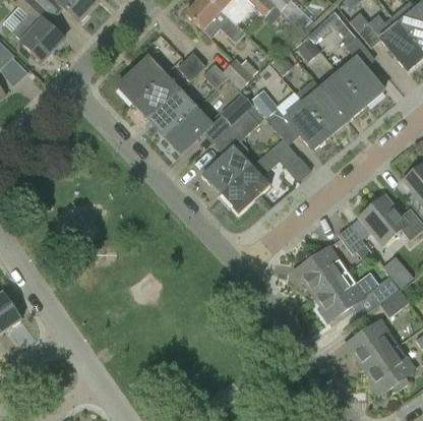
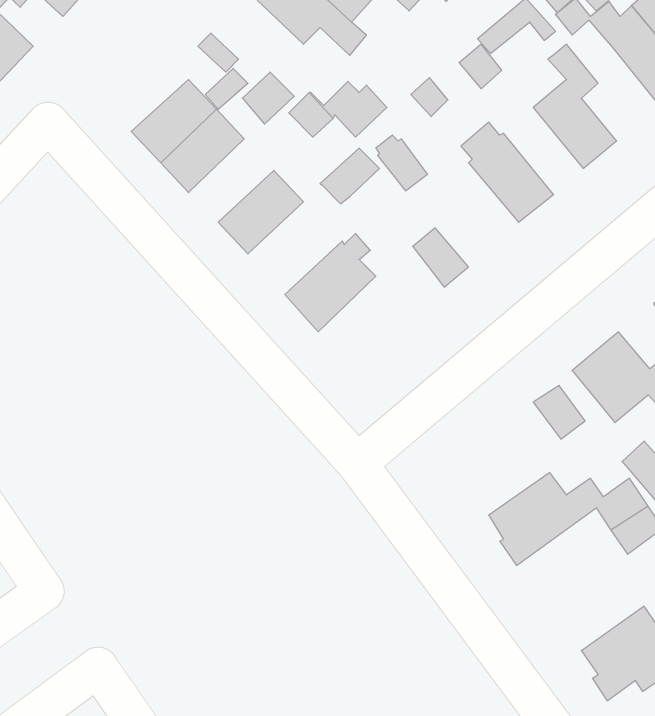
building: [320,71,364,119] -> none
building: [147,88,194,134] -> none
building: [284,102,328,149] -> none
building: [227,105,263,140] -> none
building: [219,164,268,214] -> none
building: [292,246,346,295] -> none
building: [343,320,398,369] -> none

